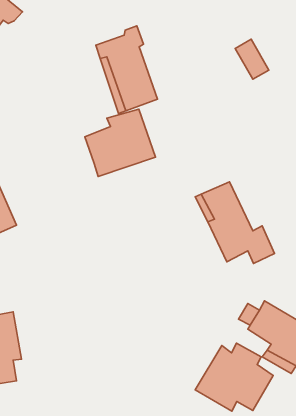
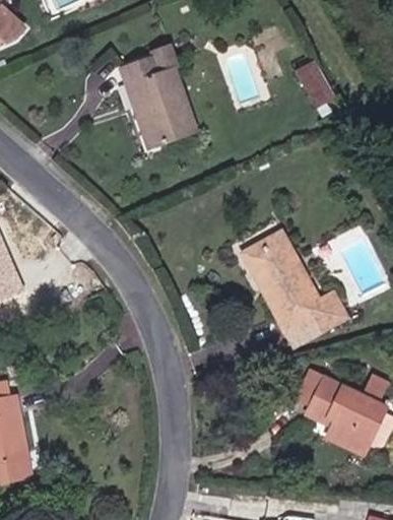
building: [85,109,155,176] -> none
building: [195,343,273,411] -> none

